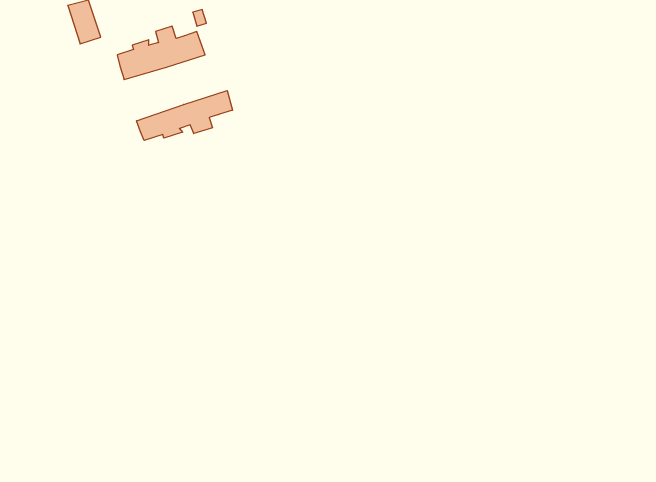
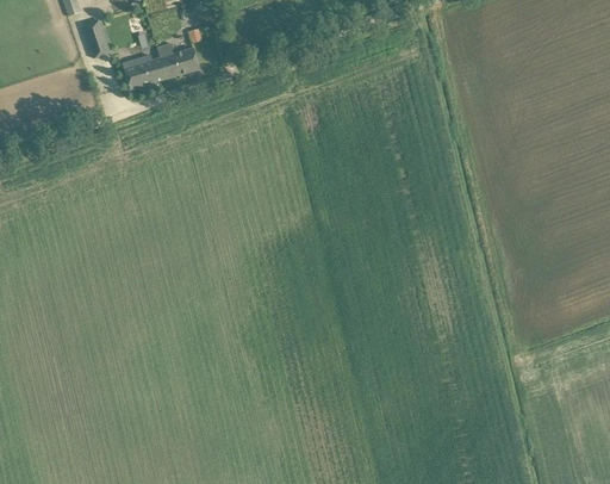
building: [137,91,233,140] -> none

